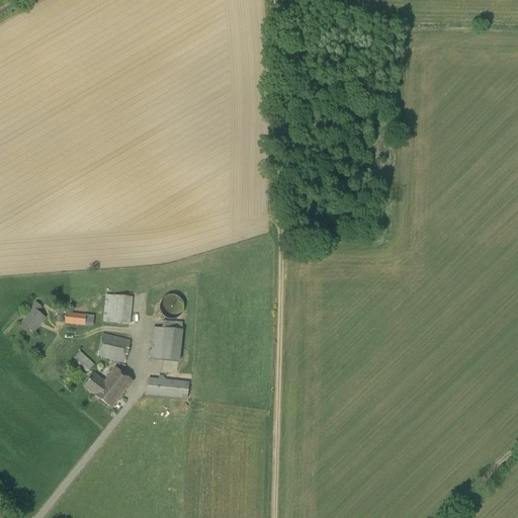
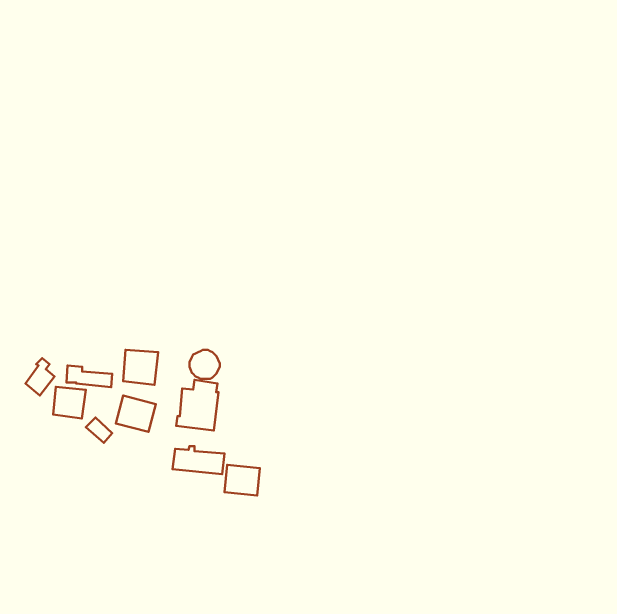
building: none -> [53,387,86,418]
building: [85,367,133,407] -> none
building: none -> [224,465,260,495]

